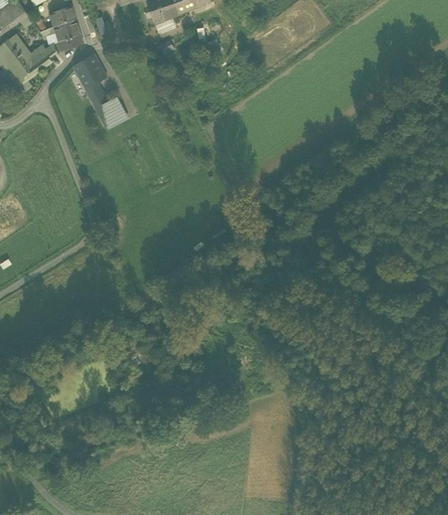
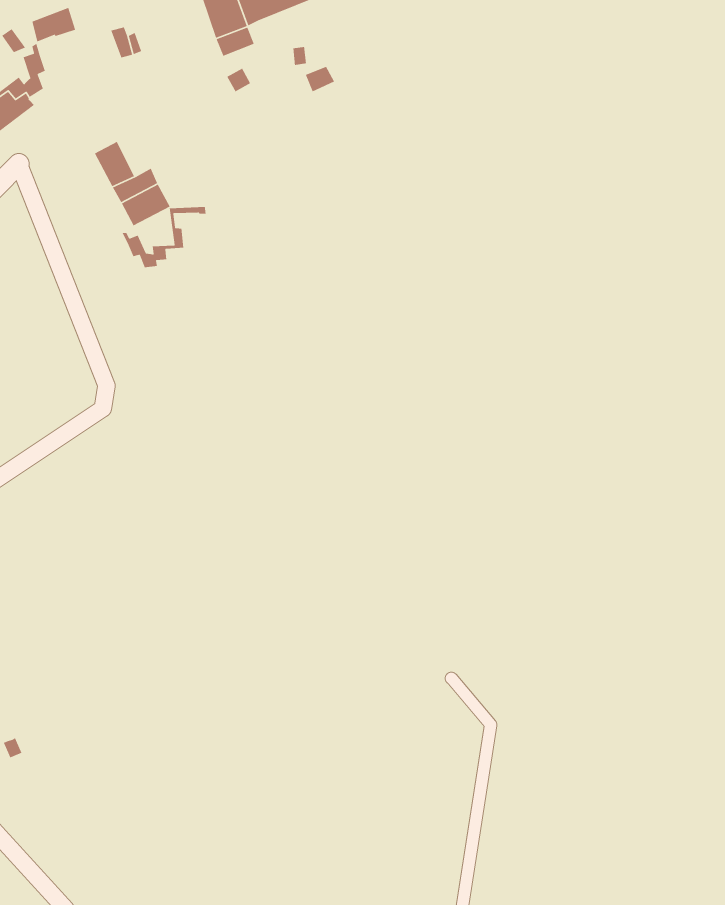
building: [52,17,82,50] -> none
building: [72,52,107,87] -> none
building: none -> [122,206,206,268]

